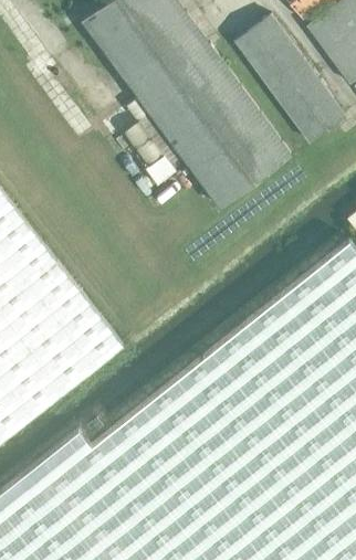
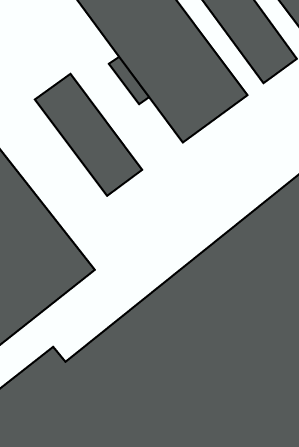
building: none -> [35,74,142,196]

